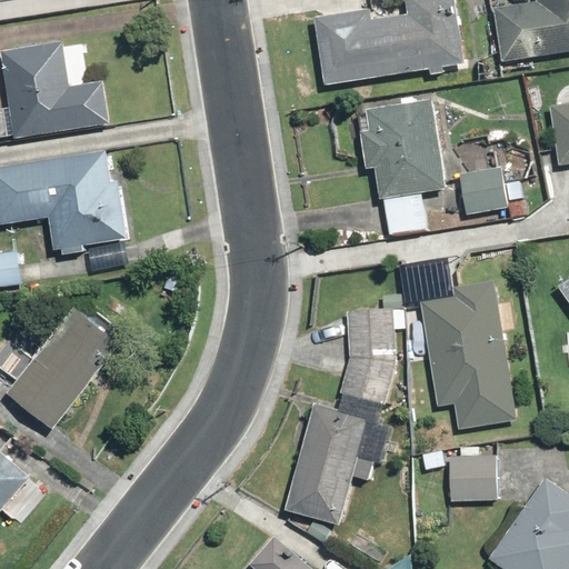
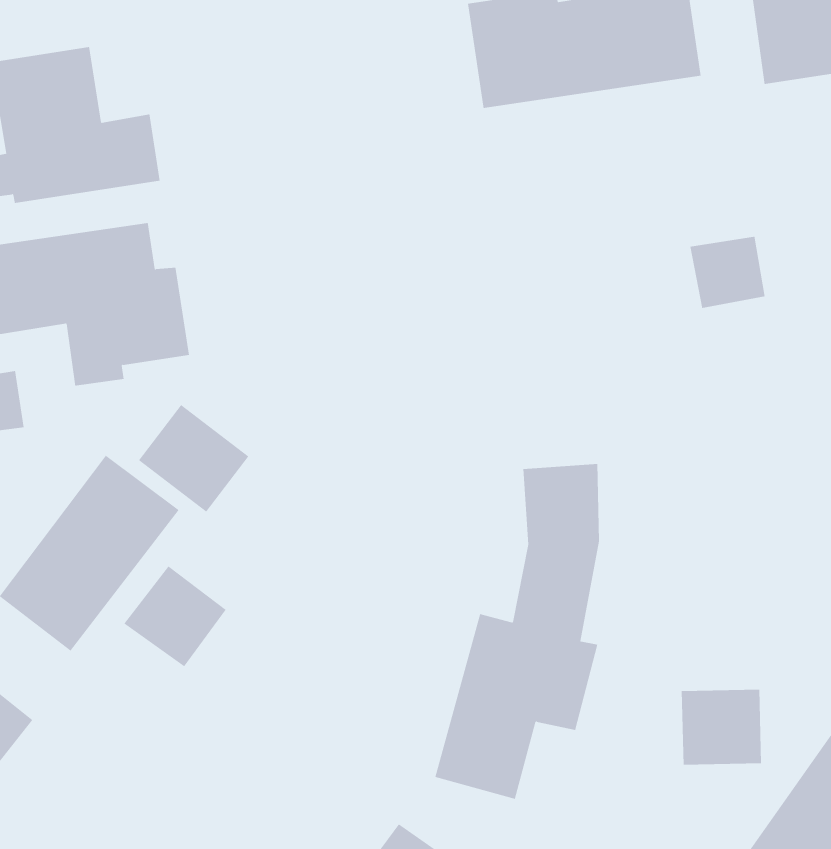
building: [359,99,446,234] -> none
building: none -> [138,404,249,512]
building: [415,273,511,422] -> none
building: none -> [123,565,227,667]

